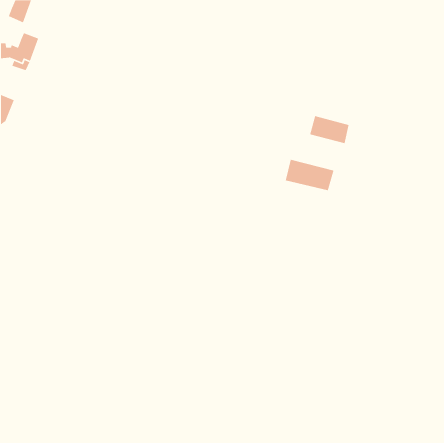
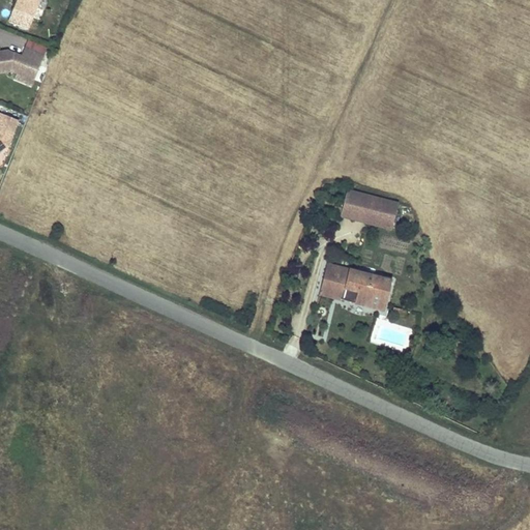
building: [309,115,349,144] -> none
building: none -> [319,263,391,310]

